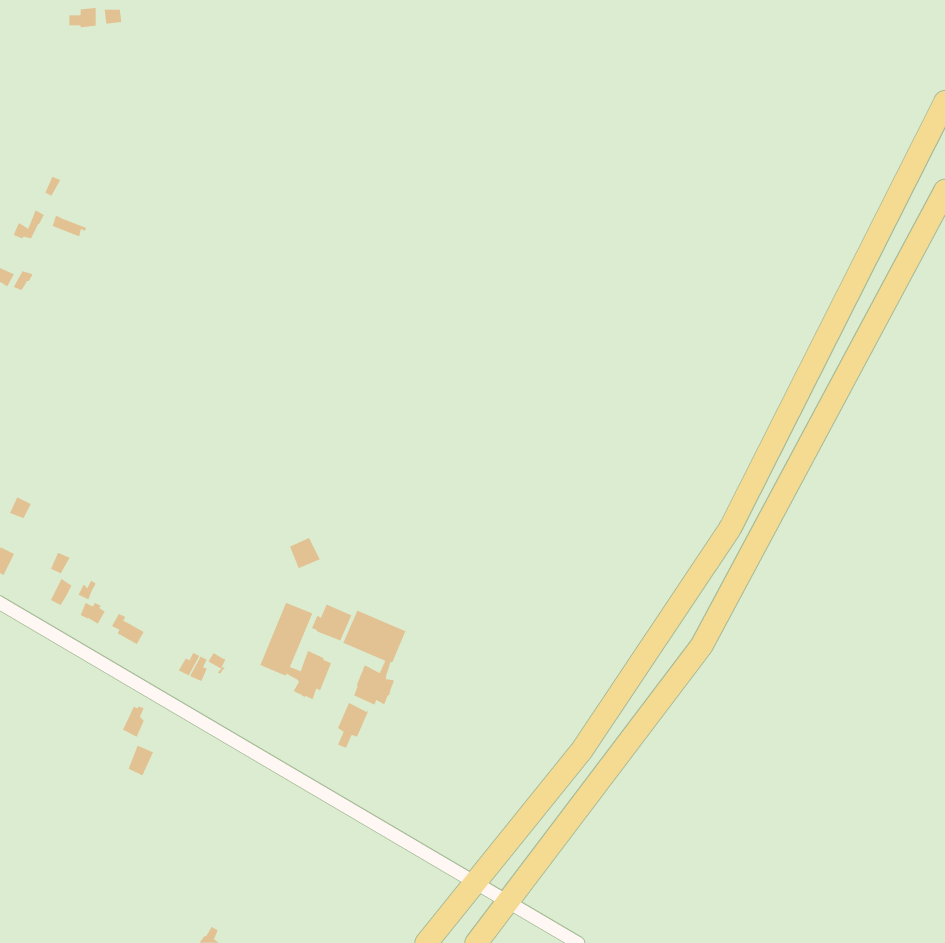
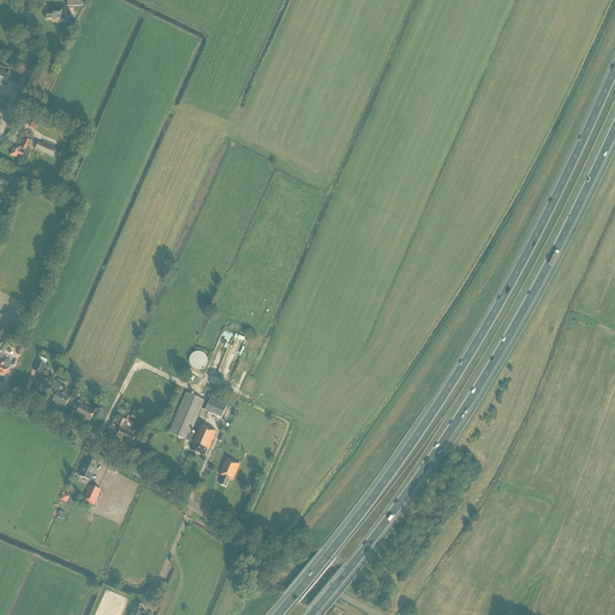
building: [343,610,406,705] -> none

